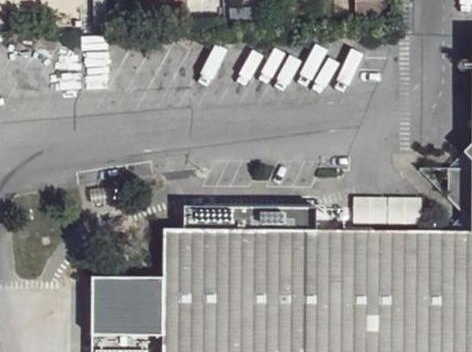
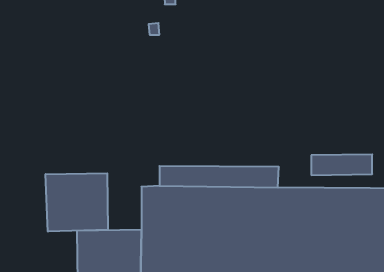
building: none -> [46,173,108,232]

